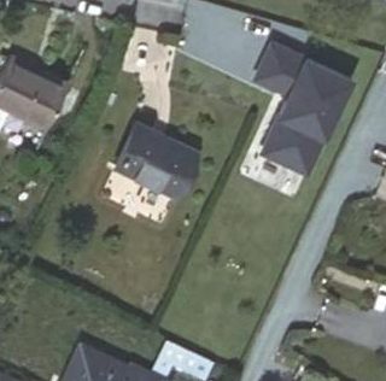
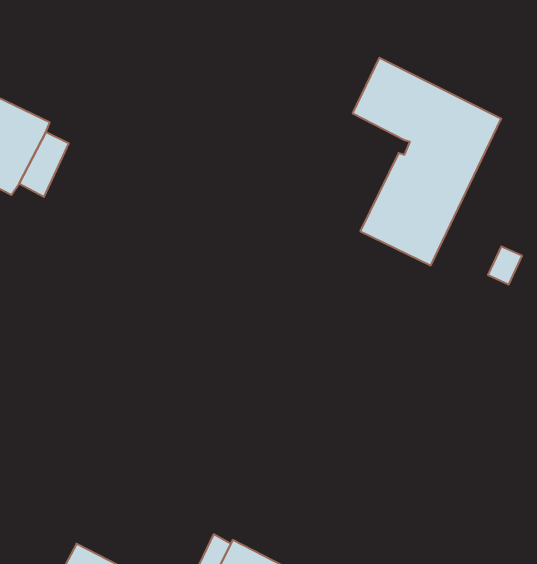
building: [115,122,198,198] -> none

